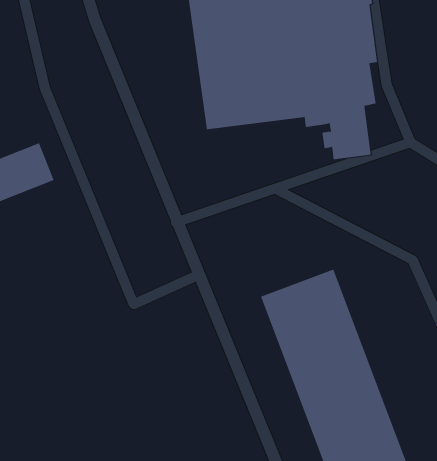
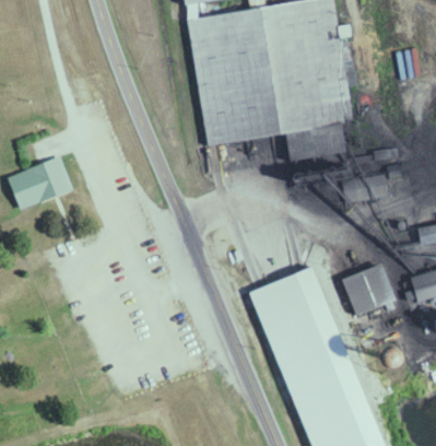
building: none -> [341,263,393,315]

